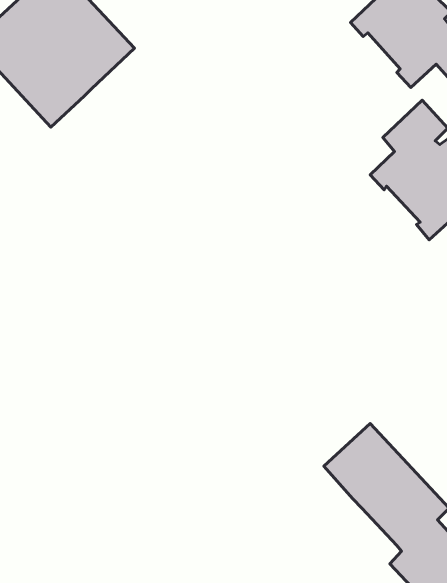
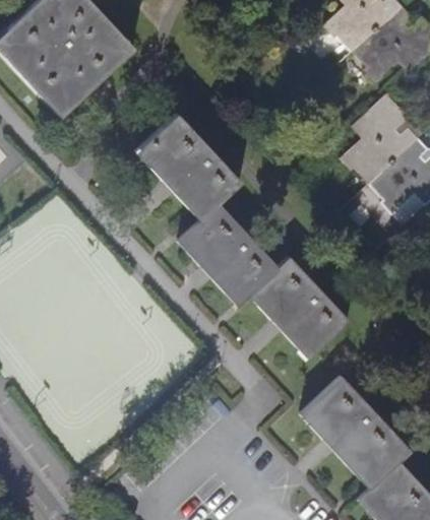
building: none -> [135,113,350,359]

